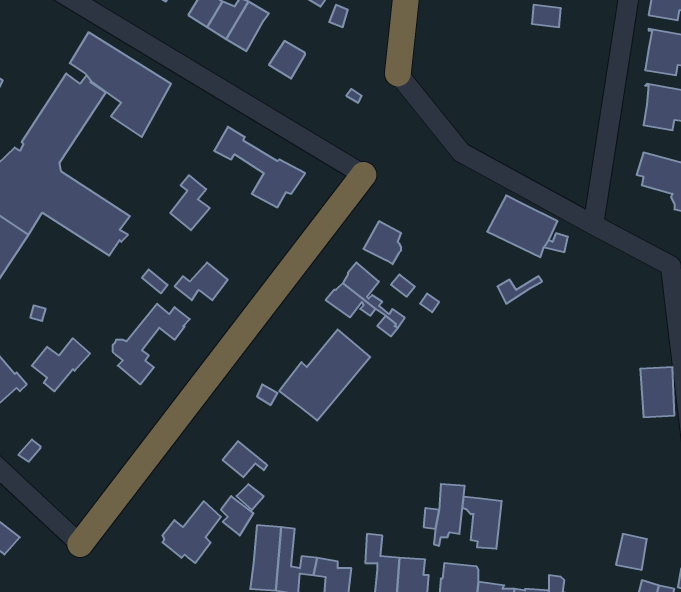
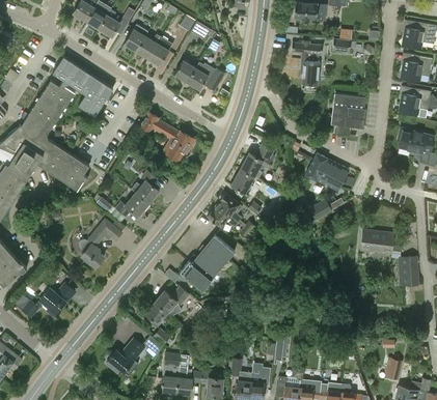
building: none -> [292,42,322,85]
building: none -> [187,62,224,91]
building: none -> [330,91,365,137]
building: [170,175,210,230] -> [136,171,160,204]
building: none -> [240,142,273,179]
building: none -> [360,230,401,255]
building: [32,338,90,391] -> [40,283,76,315]
building: none -> [155,287,189,315]
building: [462,497,502,549] -> none

